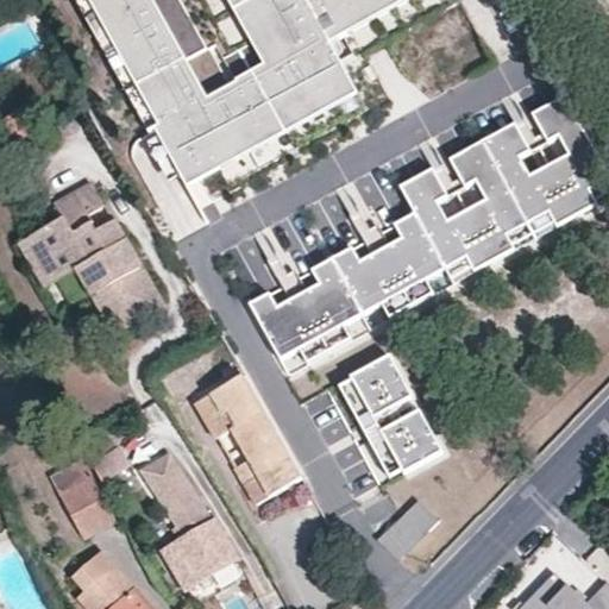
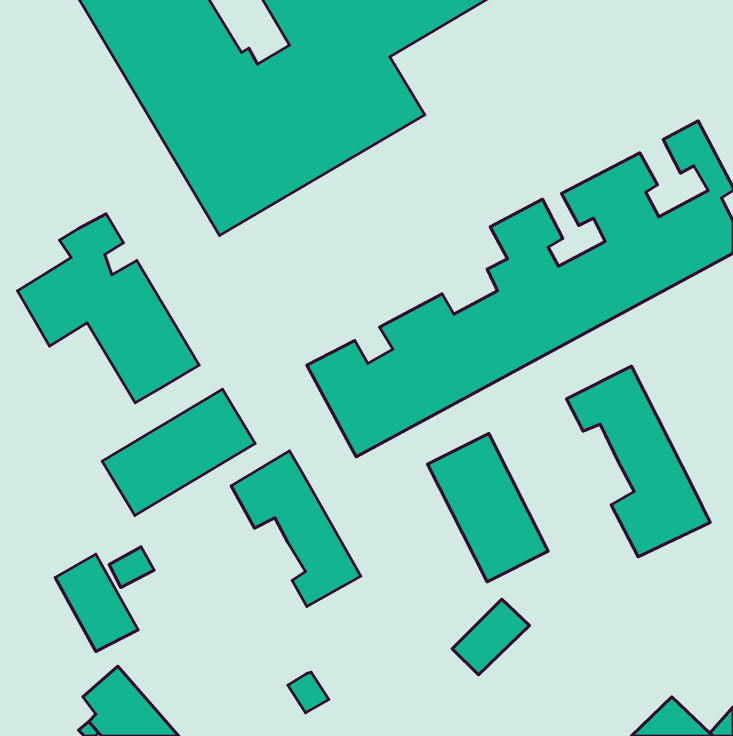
building: none -> [567,366,710,557]
building: none -> [102,389,255,515]
building: [133,446,231,584] -> none

